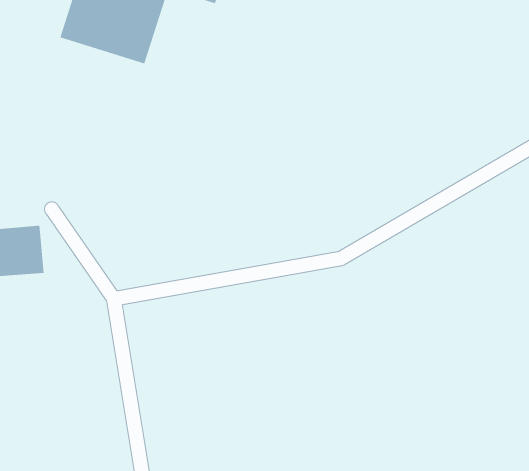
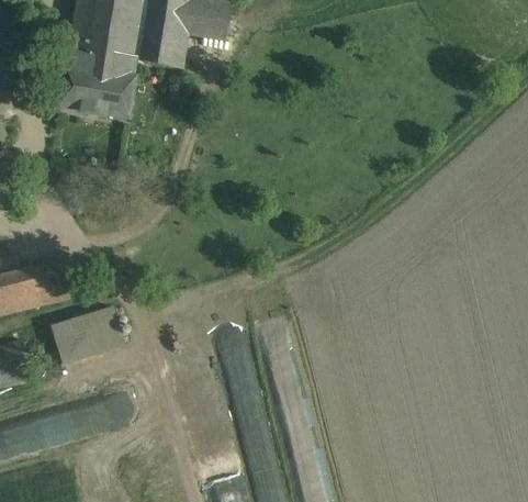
building: none -> [48,305,122,365]

